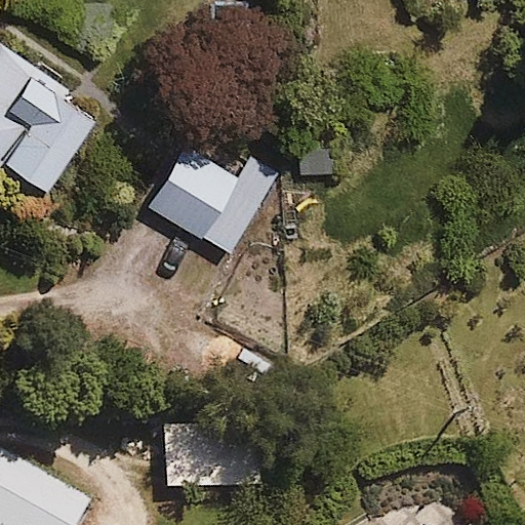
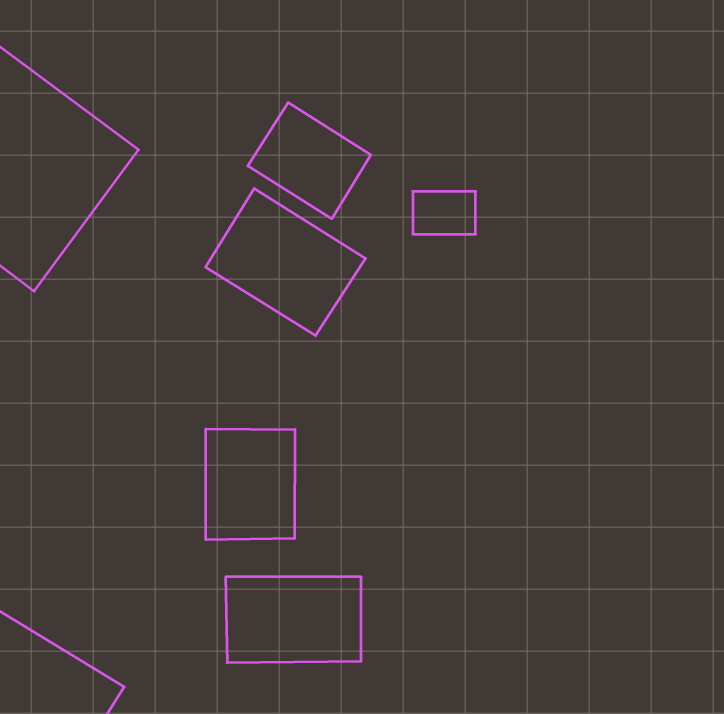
building: none -> [248,103,371,219]
building: none -> [206,429,295,540]

